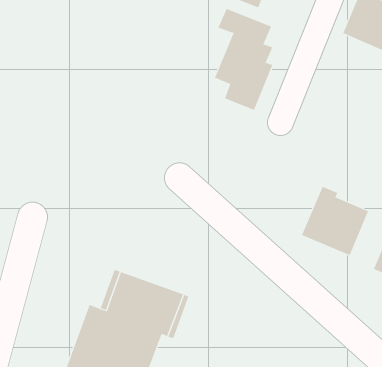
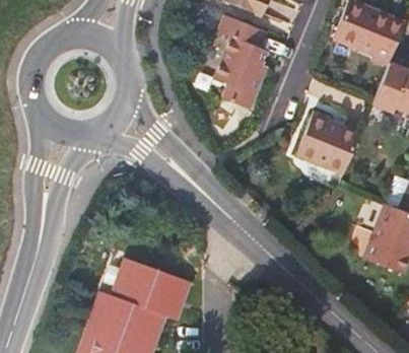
building: [301,186,369,256] -> [298,110,361,174]

